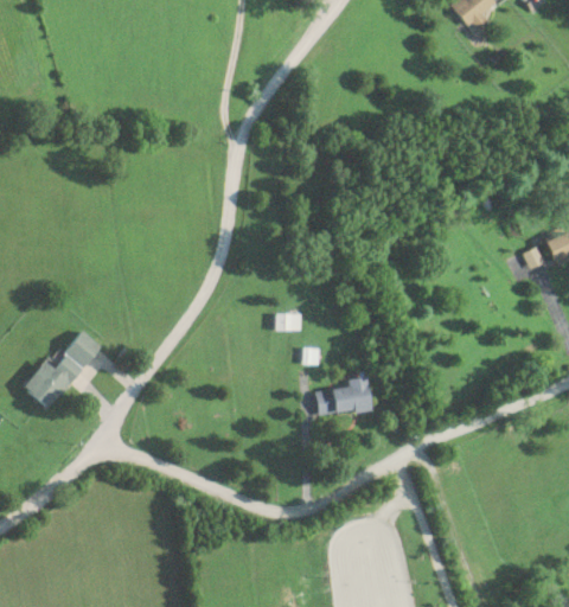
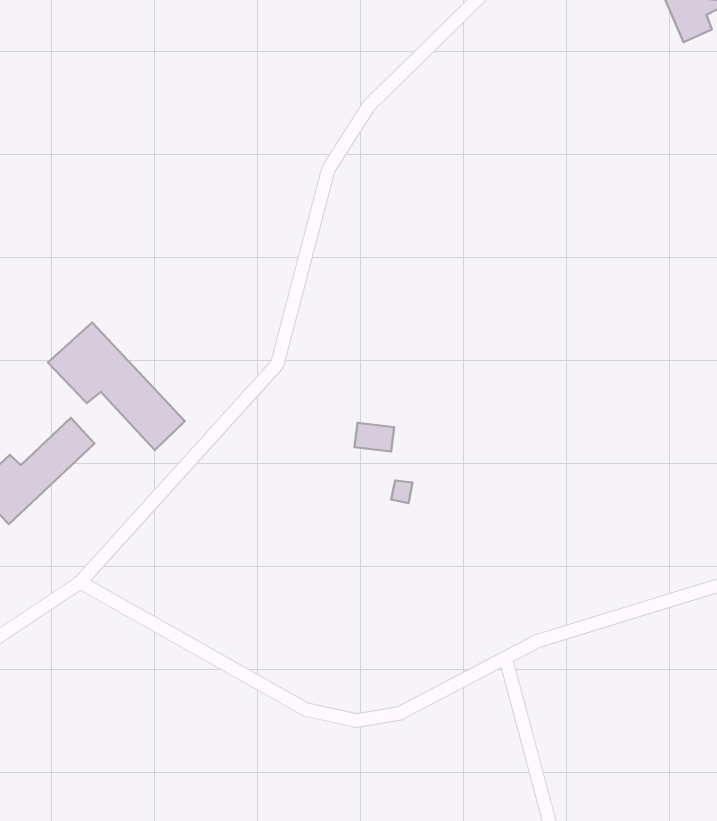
building: none -> [48,322,185,450]
building: [317,376,371,414] -> none

